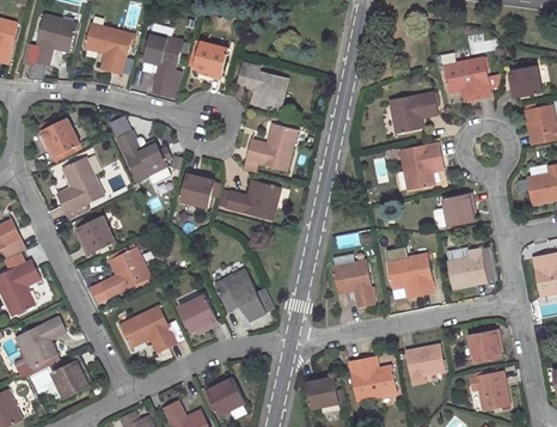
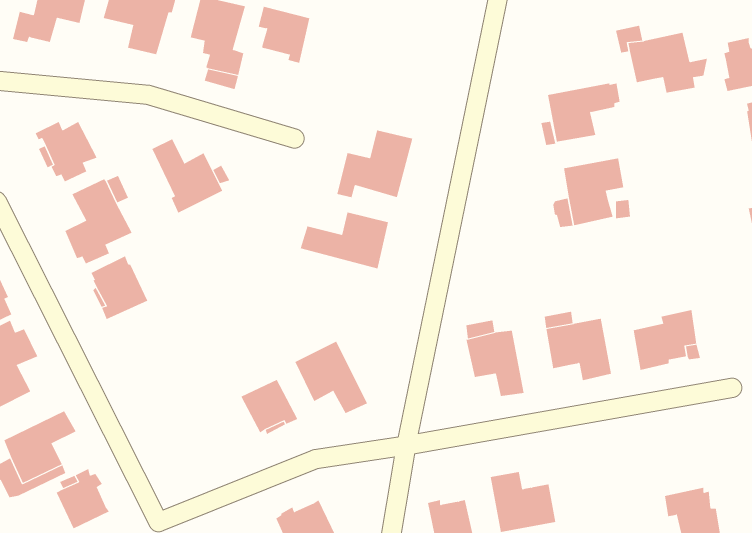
building: [237,62,287,110] -> none
building: [179,170,220,208] -> none
building: [442,195,473,226] -> none
building: [100,245,151,298] -> none
building: [120,306,182,353] -> none
building: [467,330,500,362] -> none
building: [405,344,443,384] -> none

